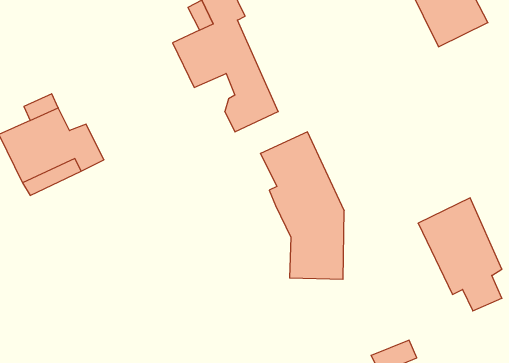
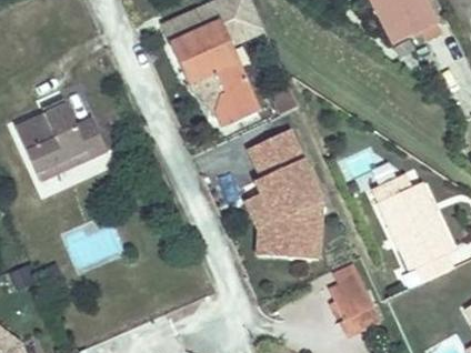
building: none -> [241,193,271,256]
building: none -> [331,278,374,324]

